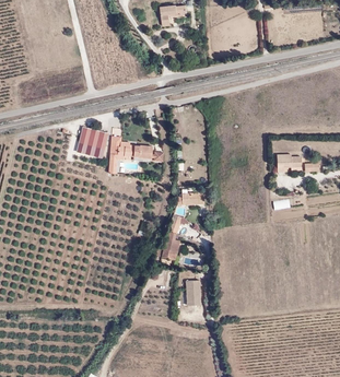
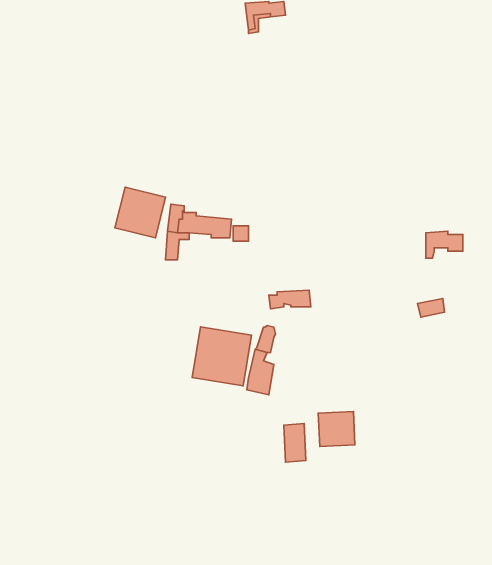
building: none -> [192,327,252,386]
building: none -> [318,411,355,446]

